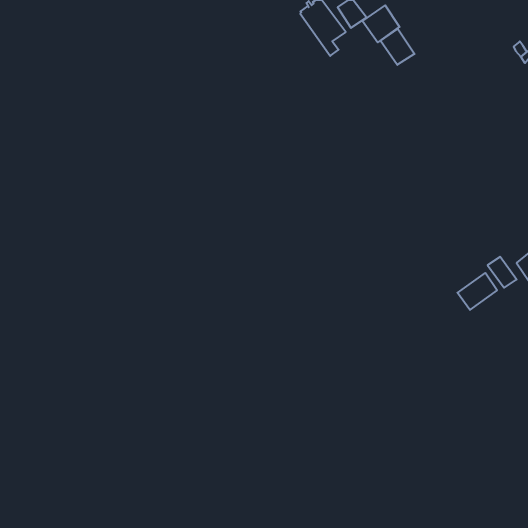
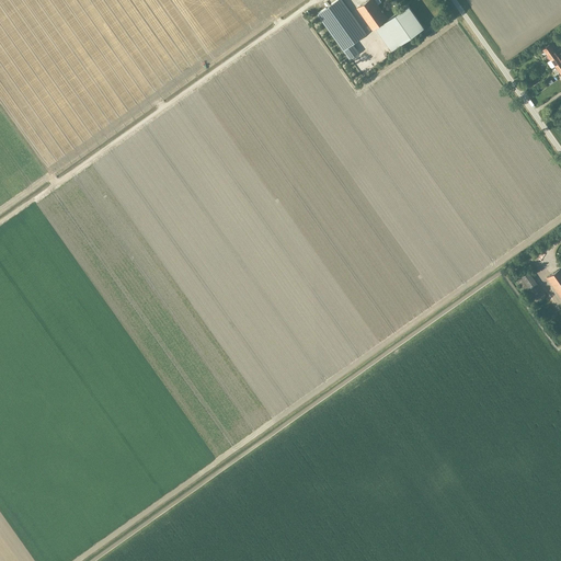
building: [380,29,415,65] -> none
building: [457,273,497,310] -> none

